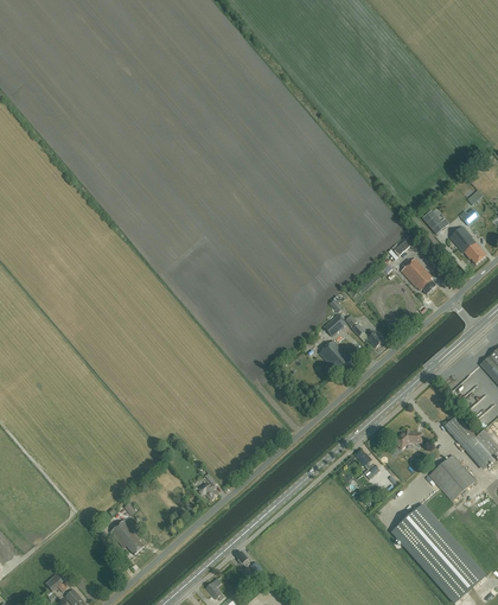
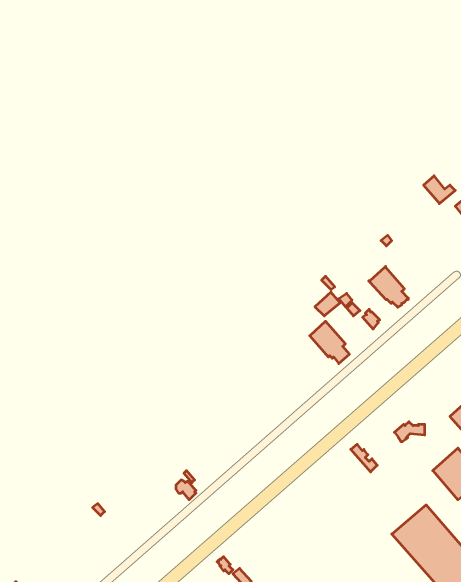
building: [400,256,435,293] -> [369,266,408,307]
building: [109,518,143,554] -> none

